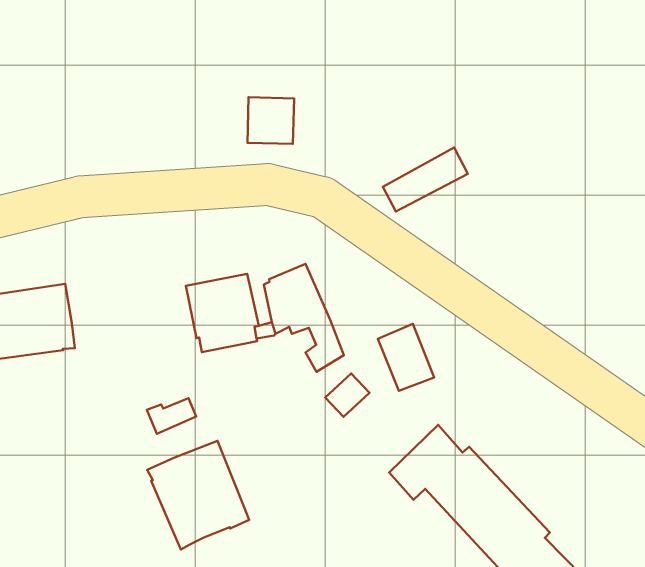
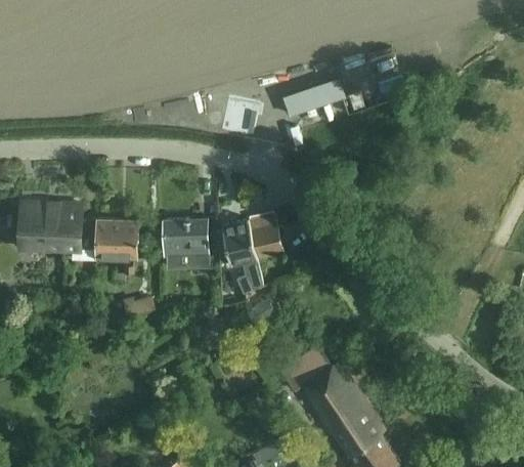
building: [383,147,468,212] -> [287,77,346,114]
building: none -> [73,218,138,259]
building: [378,324,434,391] -> [250,214,283,258]
building: [147,441,249,550] -> none

